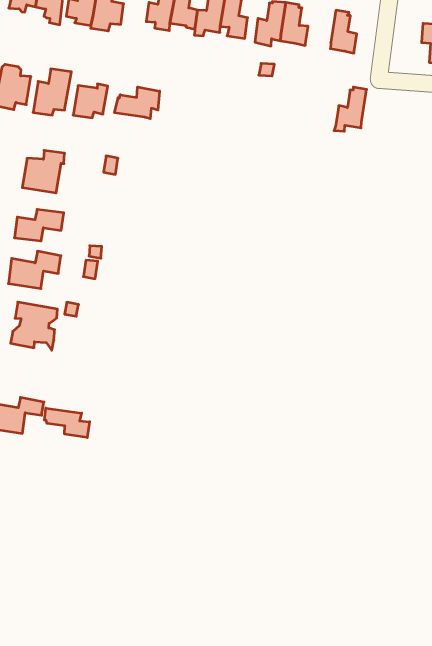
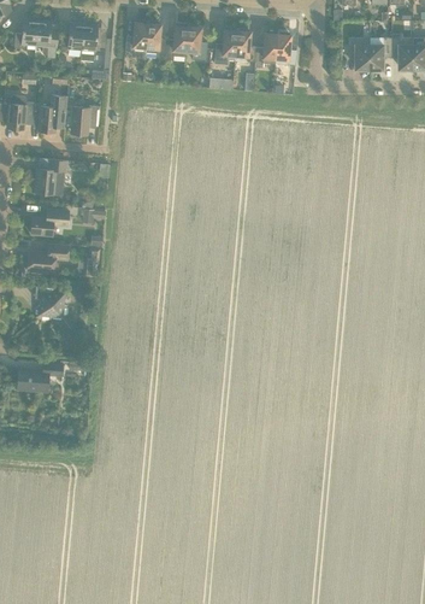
building: [115,87,160,119] -> none
building: [334,87,367,131] -> [252,29,276,65]
building: [44,408,90,438] -> none

